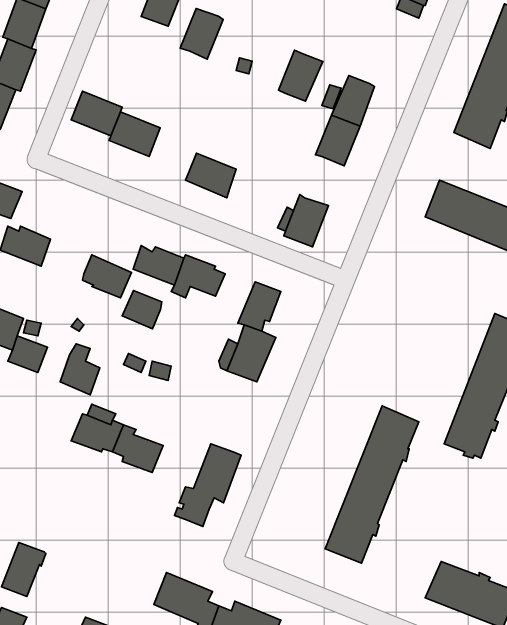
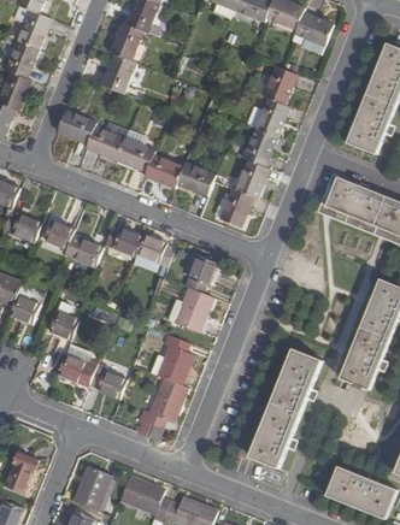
building: [180,8,223,59] -> [101,54,134,93]
building: [278,50,323,101] -> [263,65,296,104]
building: none -> [116,137,154,171]
building: none -> [234,159,267,197]
building: none -> [177,161,216,195]
building: [122,291,162,329] -> [43,219,73,248]
building: none -> [157,334,192,383]
building: none -> [72,465,111,509]

